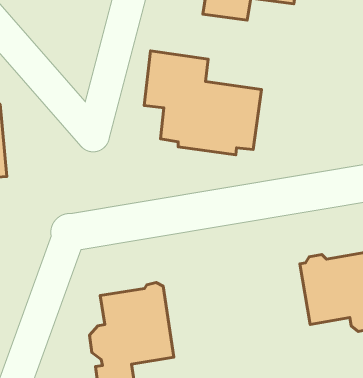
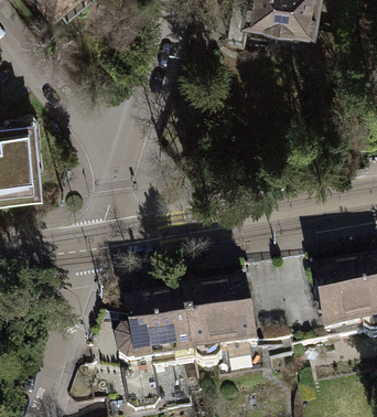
building: [144,51,262,155] -> none
building: none -> [186,284,257,366]

